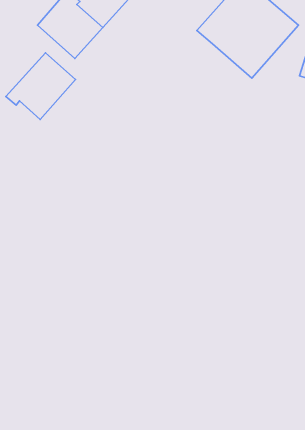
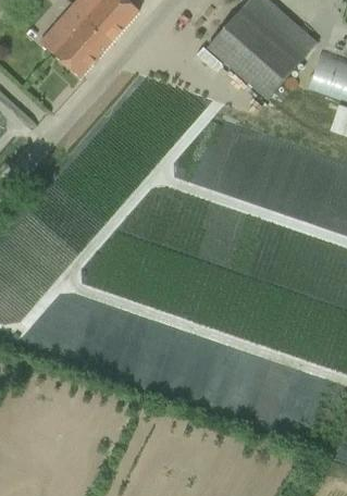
building: [6,53,75,119] -> none

